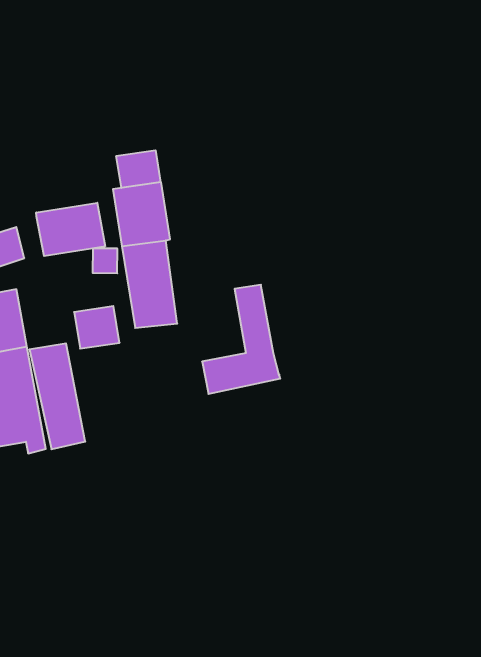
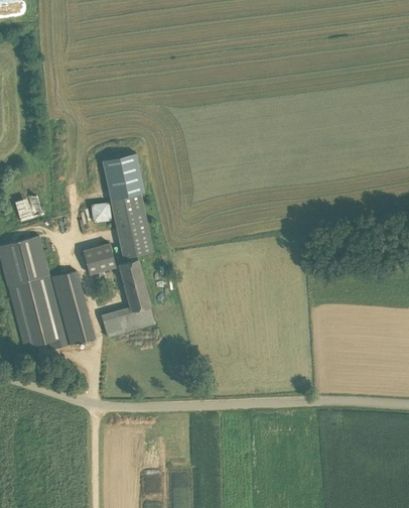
building: [116,150,161,188] -> none
building: [36,203,105,256] -> none
building: [202,285,280,394] -> [100,258,155,337]

